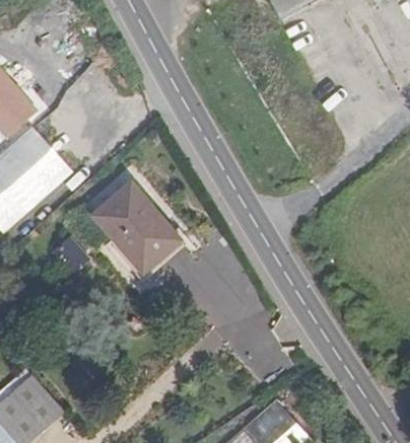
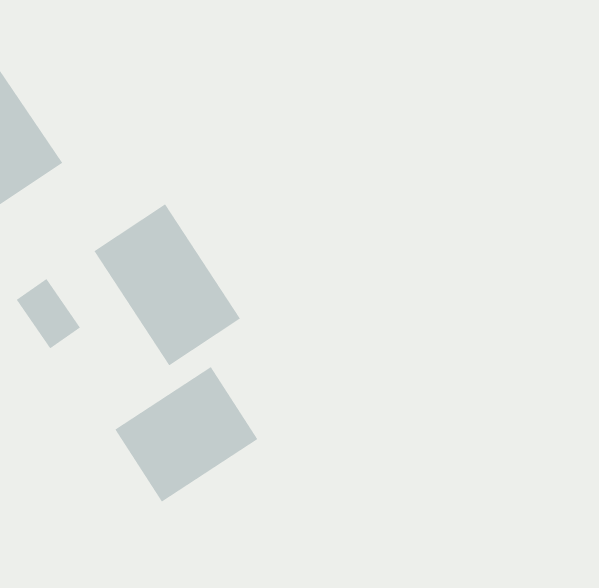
building: none -> [114,366,258,503]

